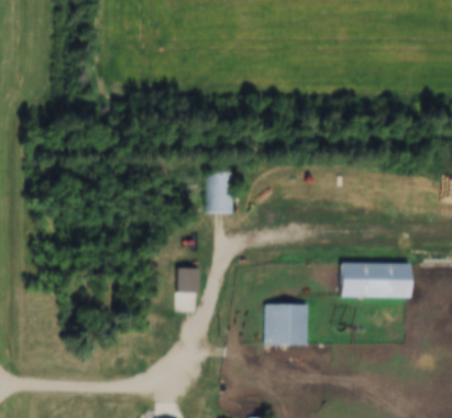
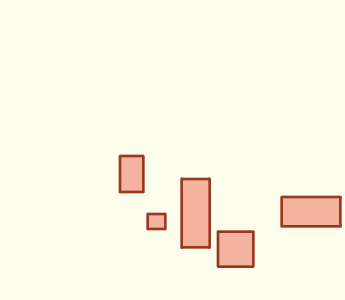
building: [209,172,236,213] -> [120,156,143,192]
building: none -> [182,179,209,248]

